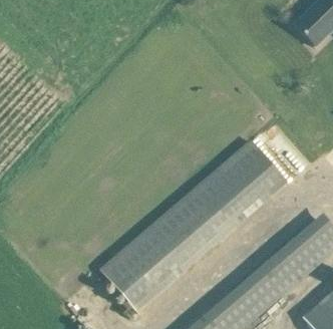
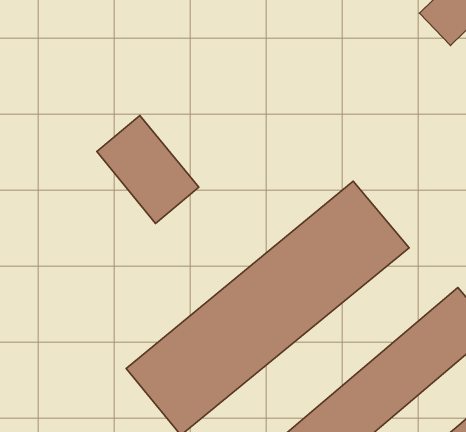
building: none -> [97,115,199,223]

